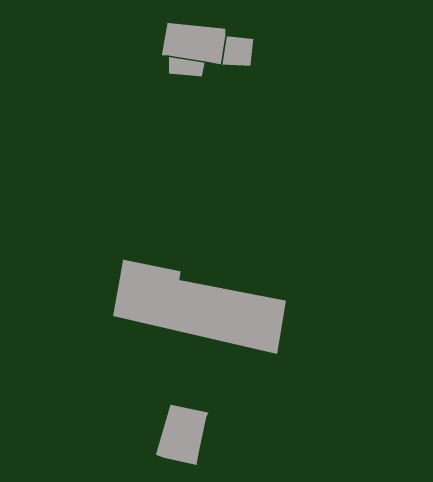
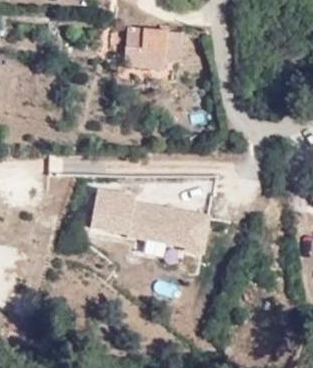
building: [155,404,210,466] -> none

